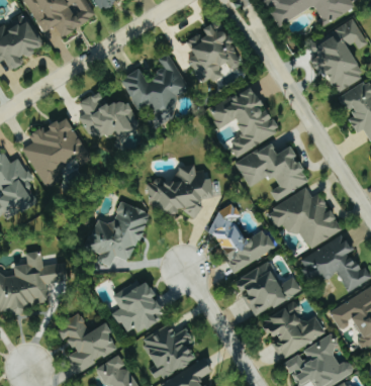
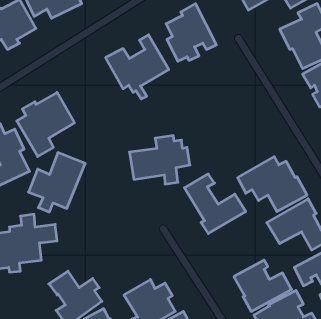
building: [210,85,279,155] -> none
building: [79,91,140,136] -> none
building: [235,141,310,200] -> none
building: [87,200,150,266] -> [28,153,85,212]
building: [235,261,300,317] -> none
building: [113,280,165,332] -> none

